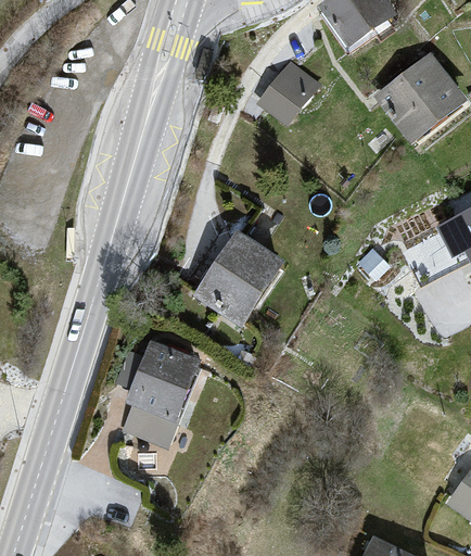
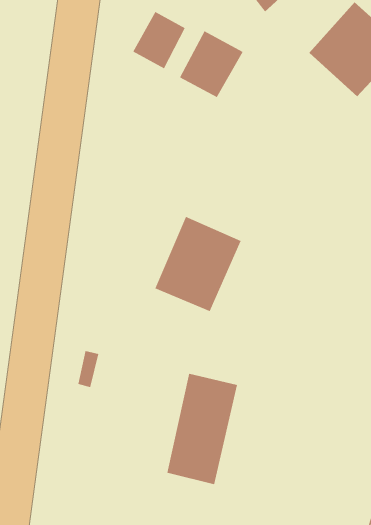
building: none -> [132,11,186,69]
building: [117,338,198,446] -> [167,373,238,485]

